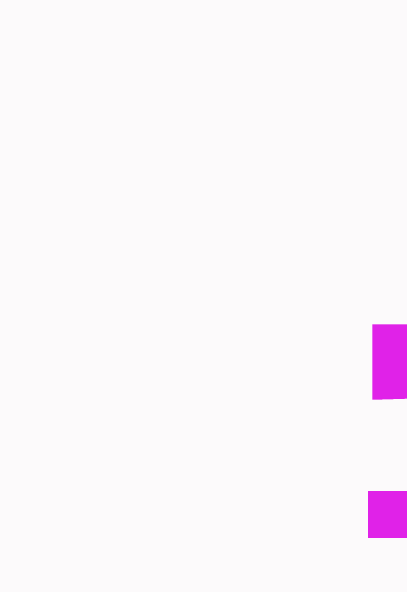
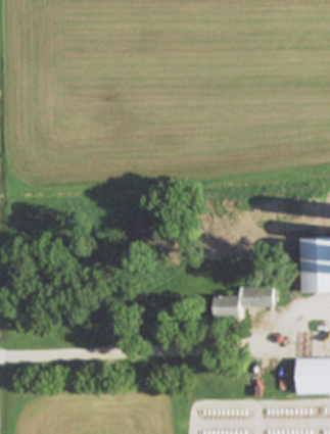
building: none -> [218,286,268,319]

